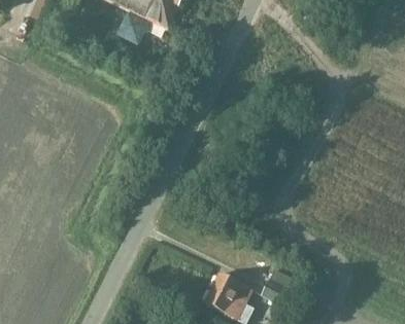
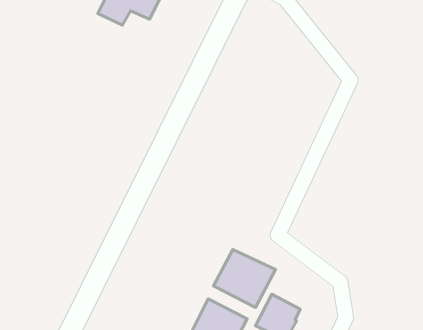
building: none -> [213,249,275,308]

